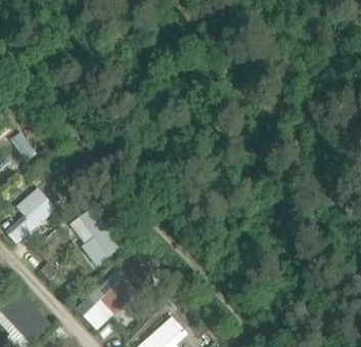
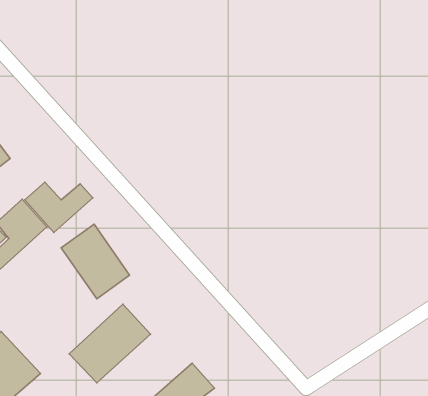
building: none -> [25,182,93,233]

